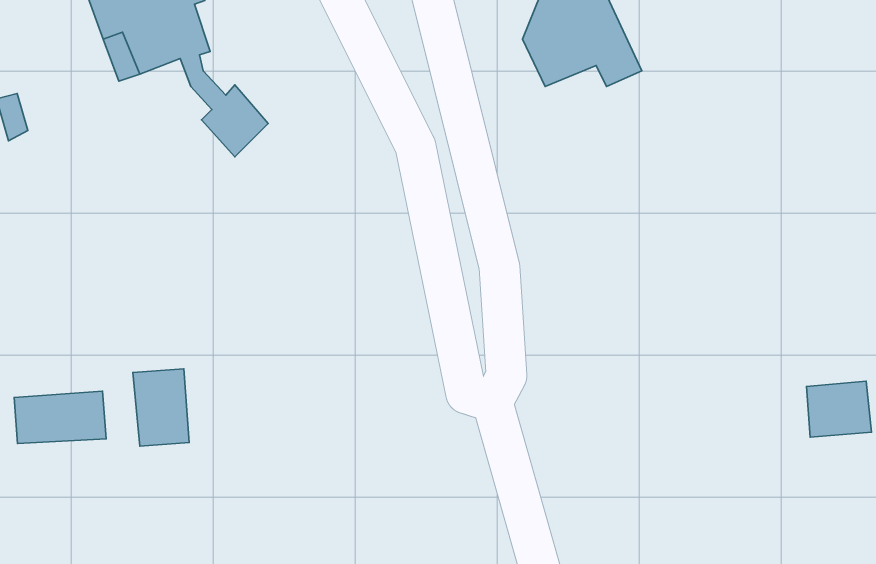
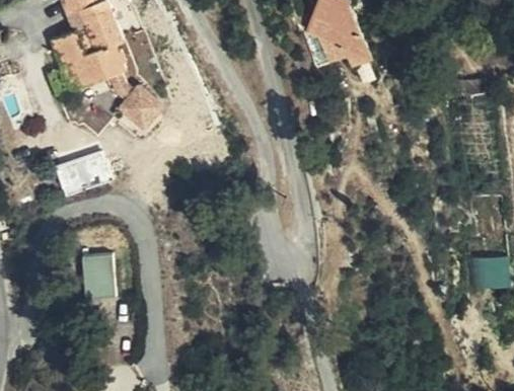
building: none -> [57,147,112,191]
building: [14,391,106,444] -> none

